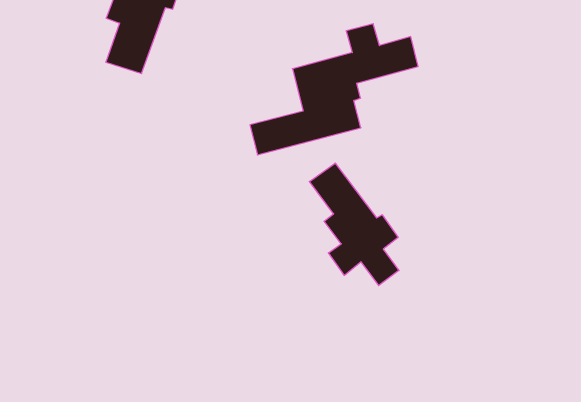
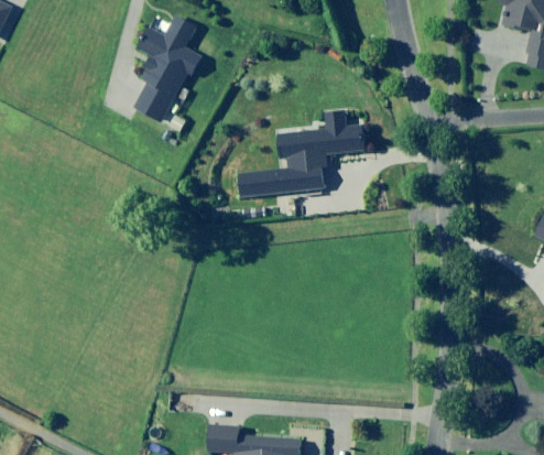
building: [309,163,399,286] -> none

